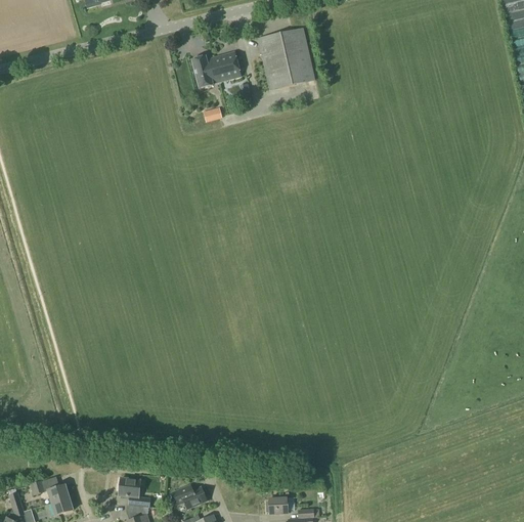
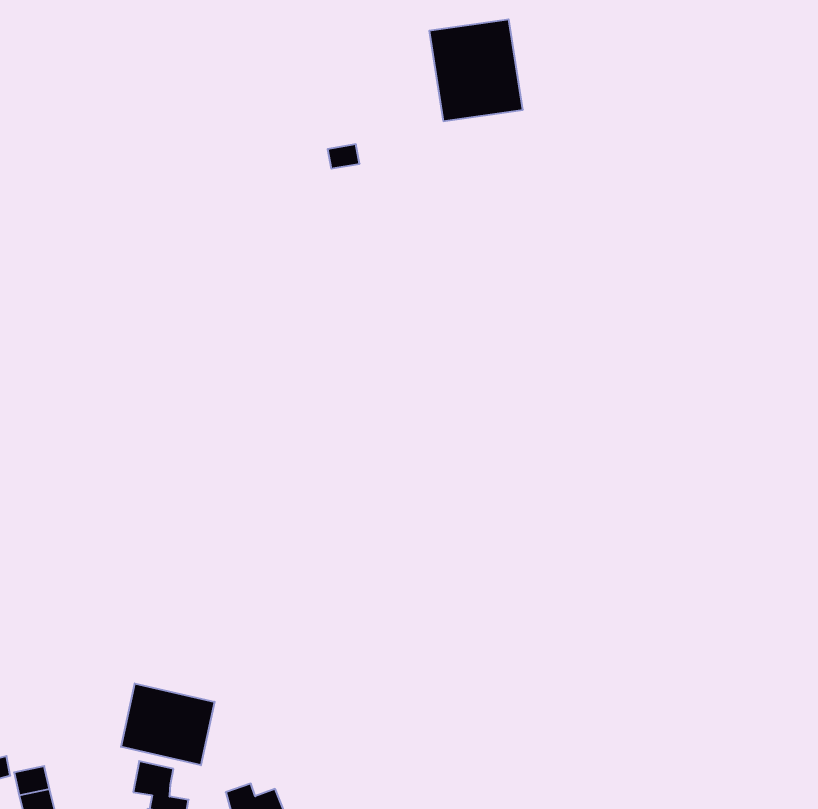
building: [191,51,242,88] -> none
building: none -> [121,683,215,765]

